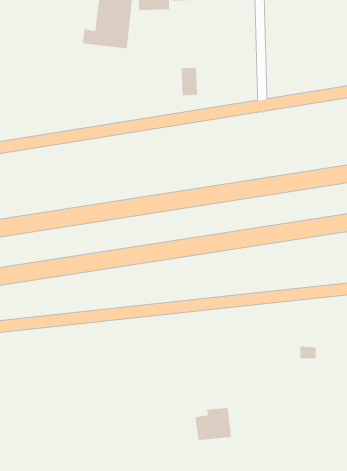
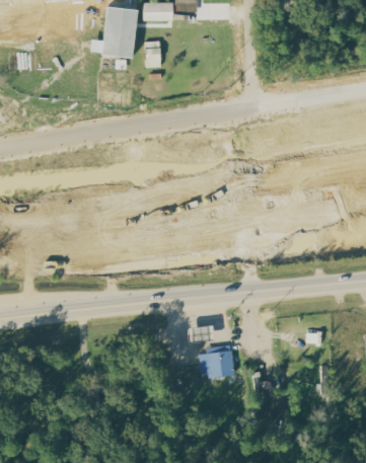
building: [181,67,198,96] -> [145,41,161,68]
building: [195,408,232,440] -> [199,345,234,377]

